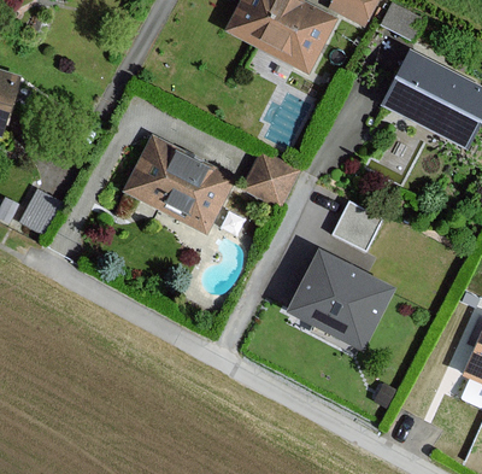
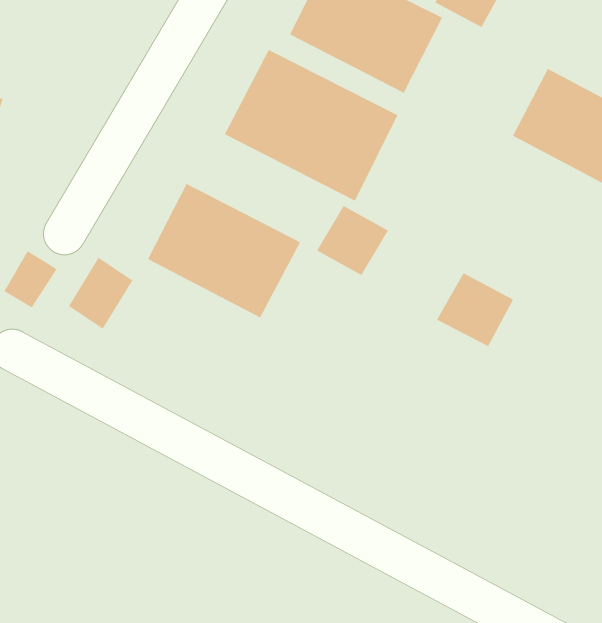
building: none -> [224,49,398,202]
building: none -> [68,257,133,330]
building: [283,250,393,353] -> none

